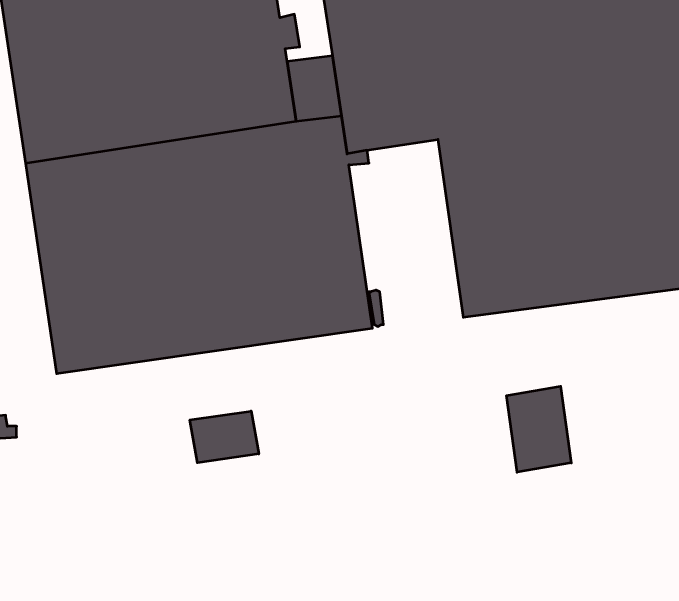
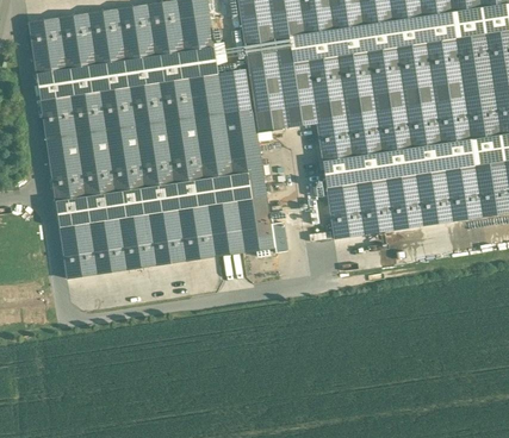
building: [507,386,571,472] -> none
building: [190,411,259,463] -> none

